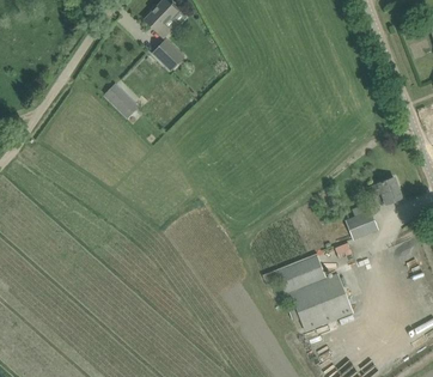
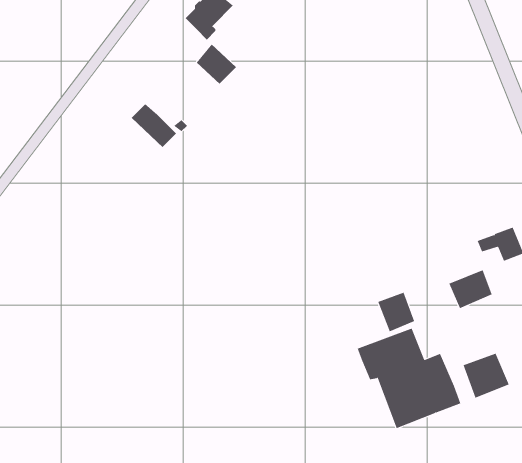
building: none -> [378,292,415,332]
building: none -> [463,353,509,398]

